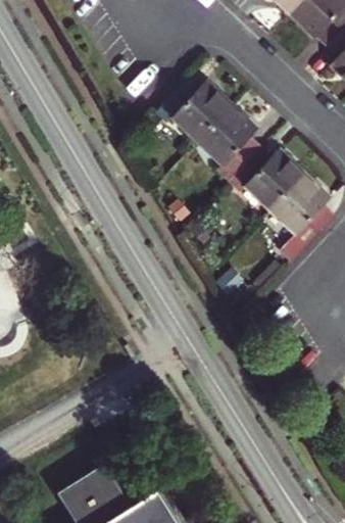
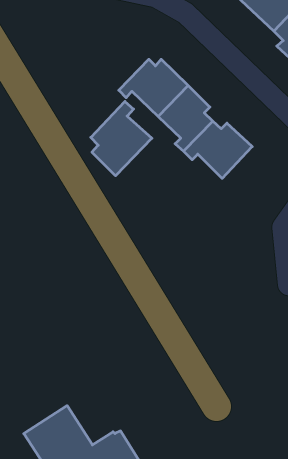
building: none -> [91,101,152,176]
building: [273,177,334,264] -> none

